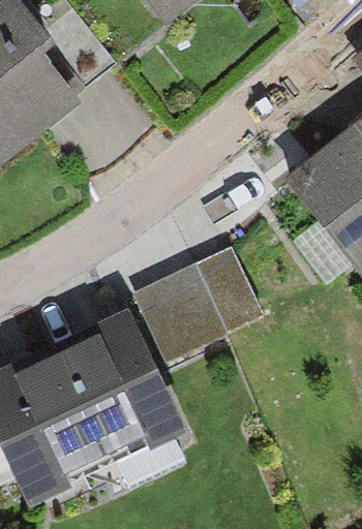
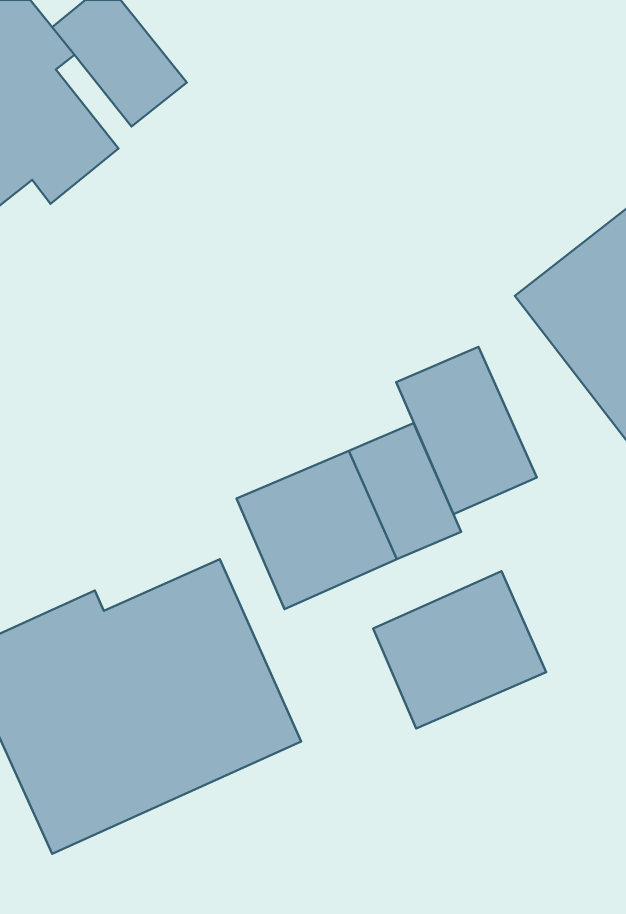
building: none -> [396,347,537,514]
building: none -> [373,571,546,728]

